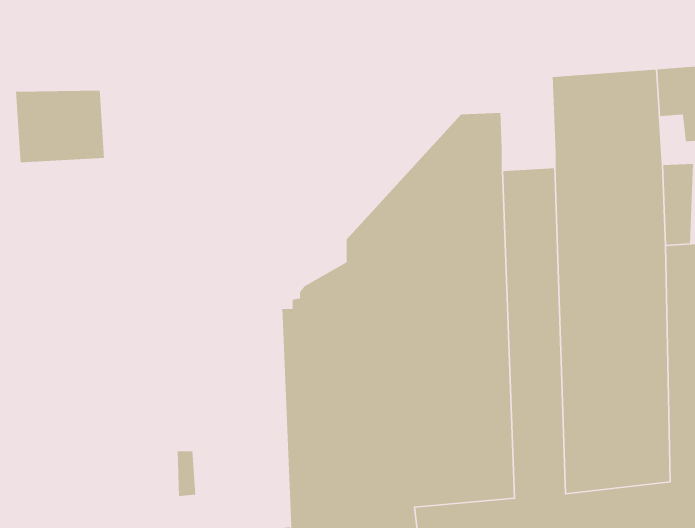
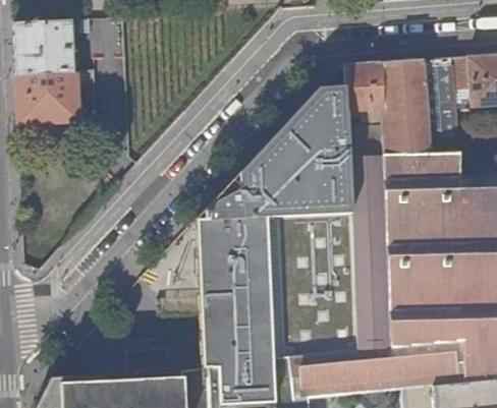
building: none -> [13,22,74,74]
building: none -> [346,64,384,123]

